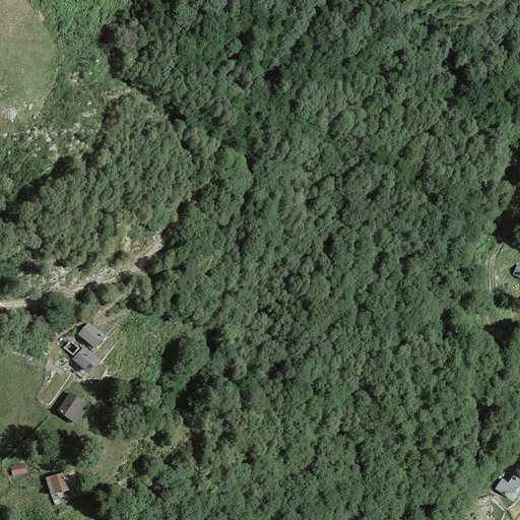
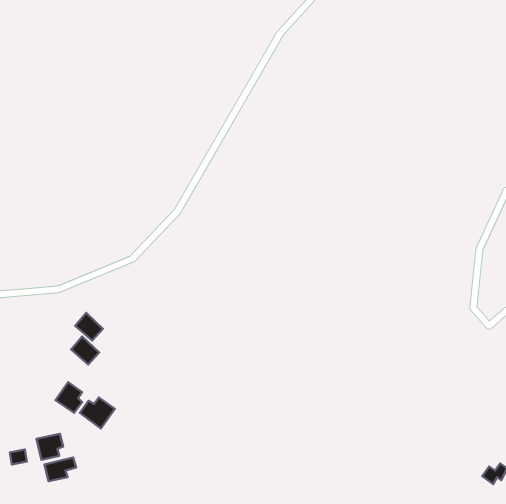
building: none -> [80,398,115,429]
building: none -> [36,434,63,460]

